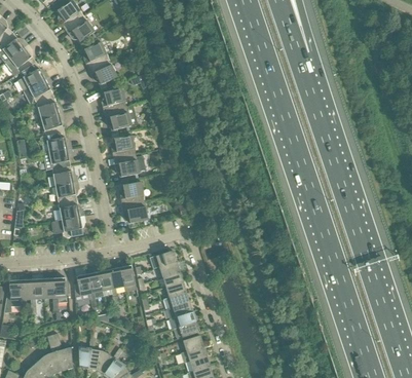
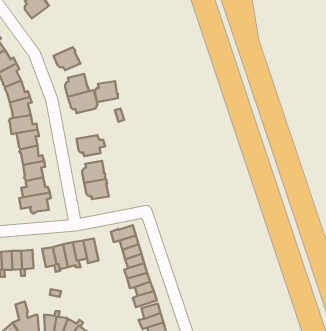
building: [65,15,95,42] -> none
building: [83,42,109,69] -> none
building: [111,136,136,158] -> [95,81,118,102]

